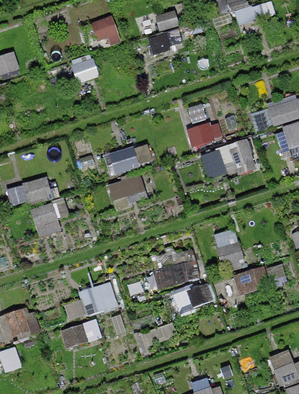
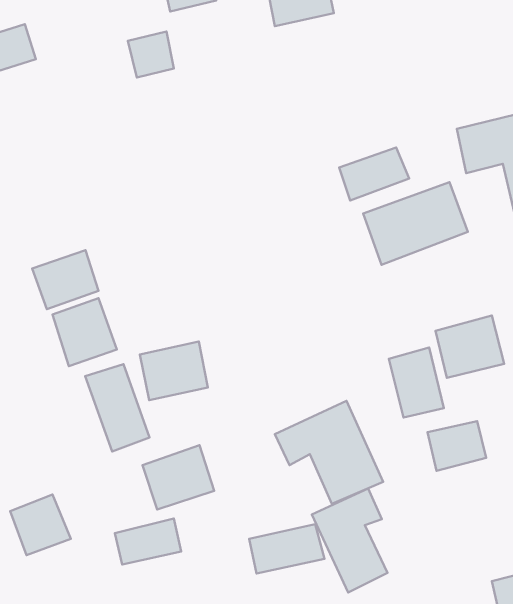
building: [109,144,151,173] -> none
building: [109,176,146,208] -> [140,341,208,400]
building: none -> [435,315,504,378]
building: none -> [85,364,149,452]
building: none -> [312,489,388,592]

